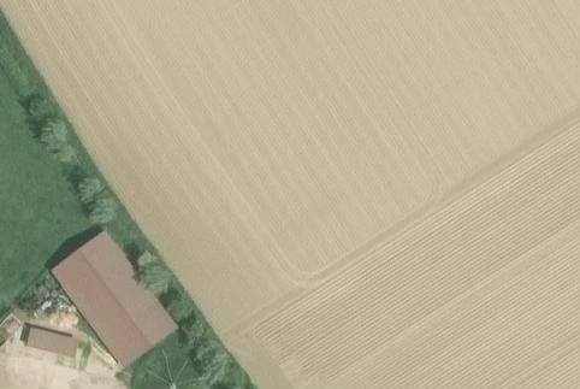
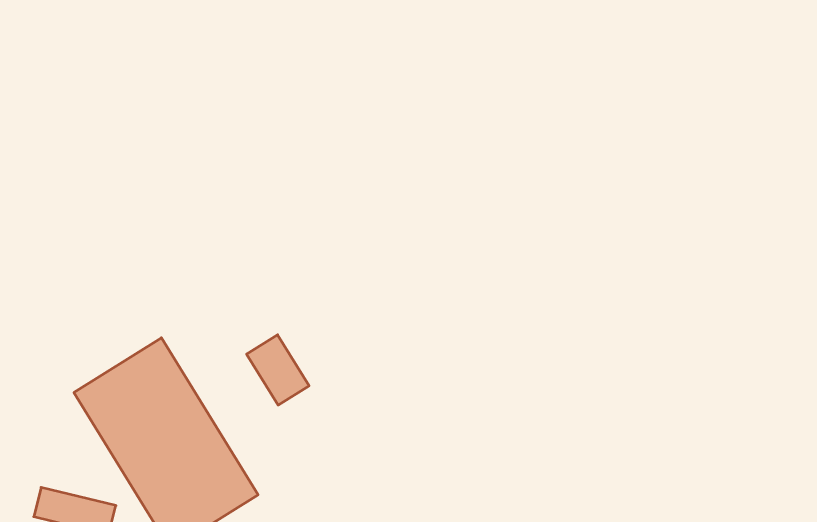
building: none -> [247,335,309,405]

